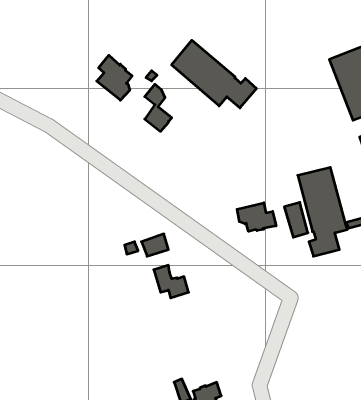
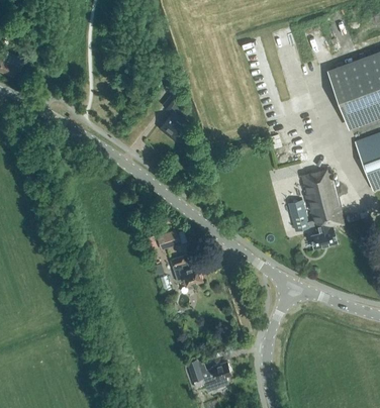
building: [172,40,256,108] -> none
building: [97,55,132,100] -> none
building: [237,203,276,231] -> none

